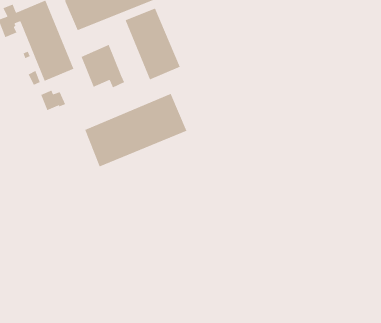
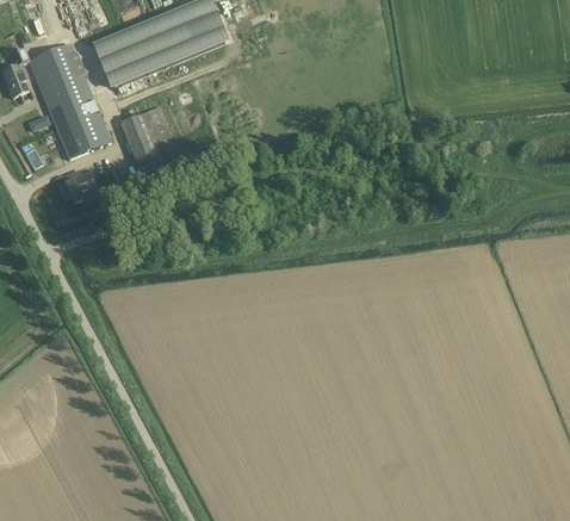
building: [124,7,181,80] -> none
building: [84,93,187,168] -> none

